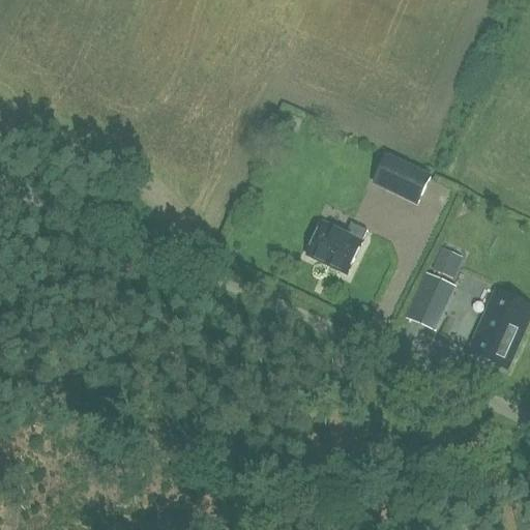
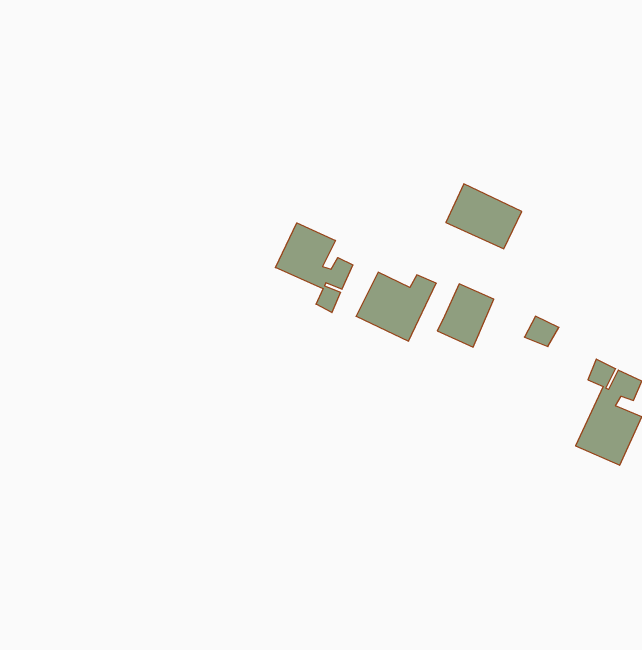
building: none -> [275,223,353,313]
building: [410,272,452,320] -> [437,284,494,347]

